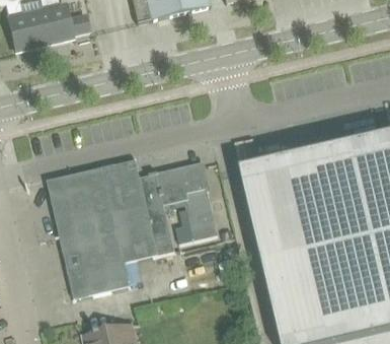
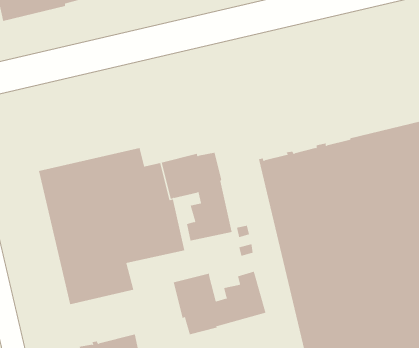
building: none -> [173,271,266,335]

